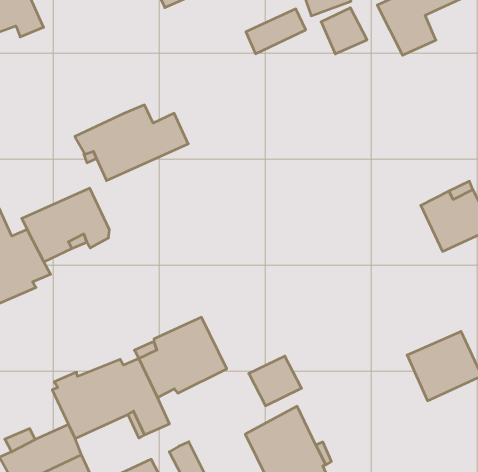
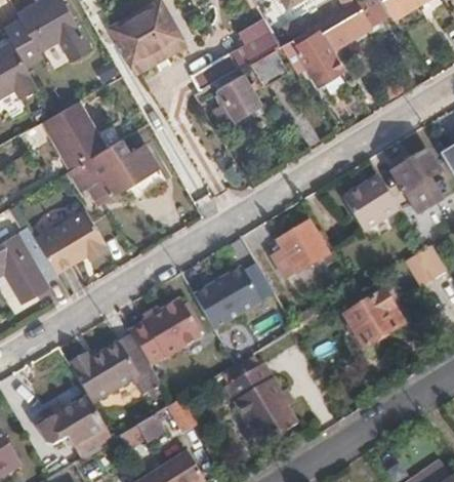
building: none -> [216,74,261,122]
building: none -> [40,102,107,171]
building: none -> [275,220,360,296]
building: none -> [185,267,261,331]

